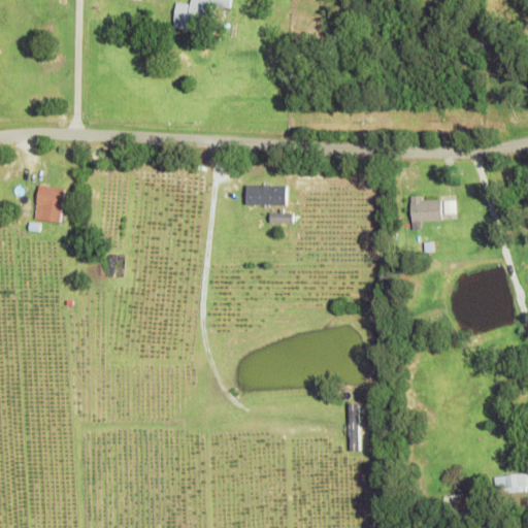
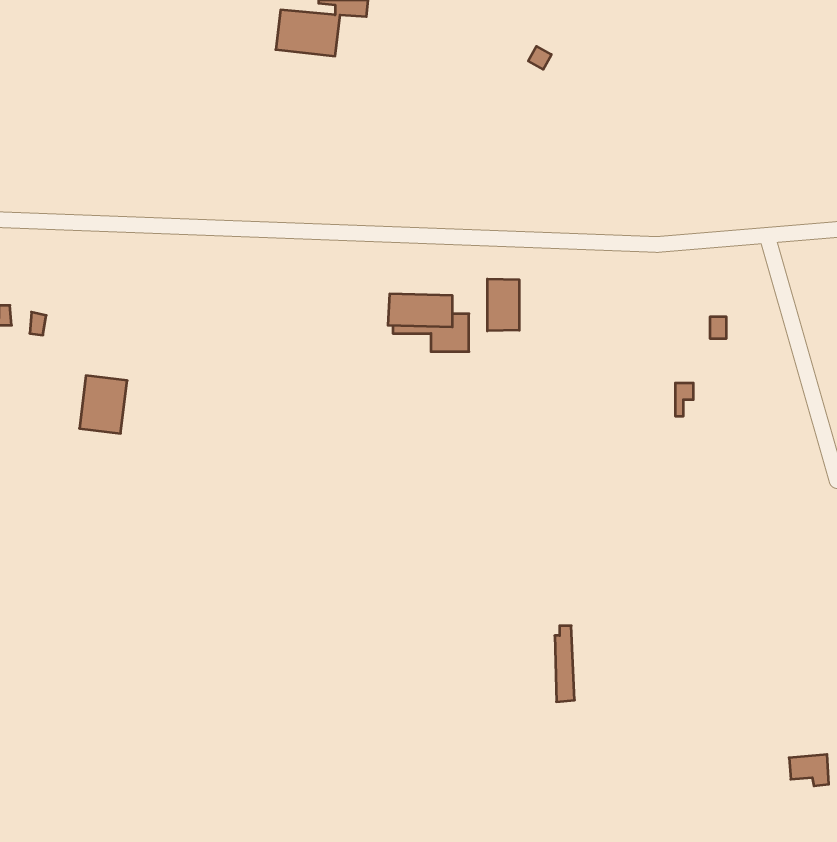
building: none -> [487,279,519,331]
building: [34,184,64,220] -> [79,376,127,433]
building: [410,194,440,220] -> none

